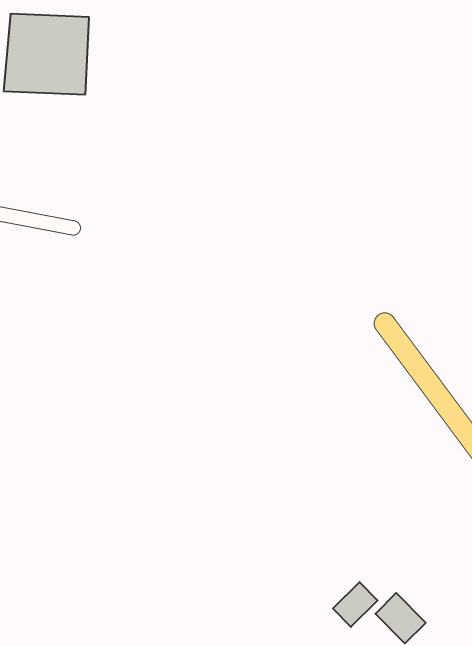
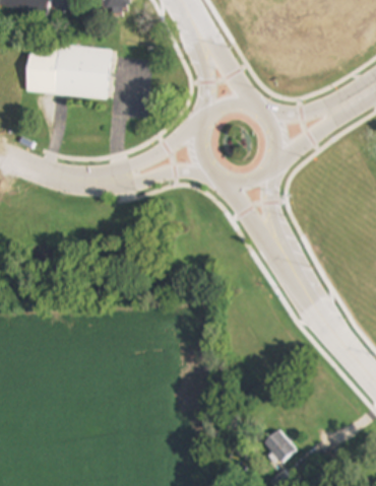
building: [333,582,378,627] -> none

